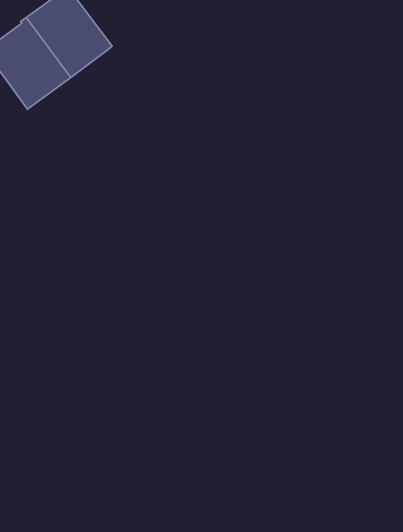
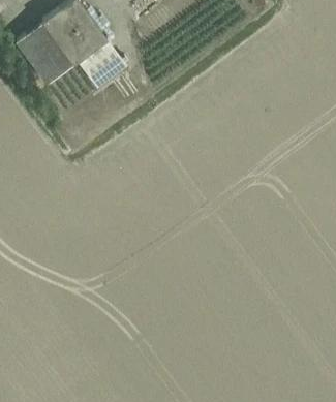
building: none -> [78,40,125,87]

